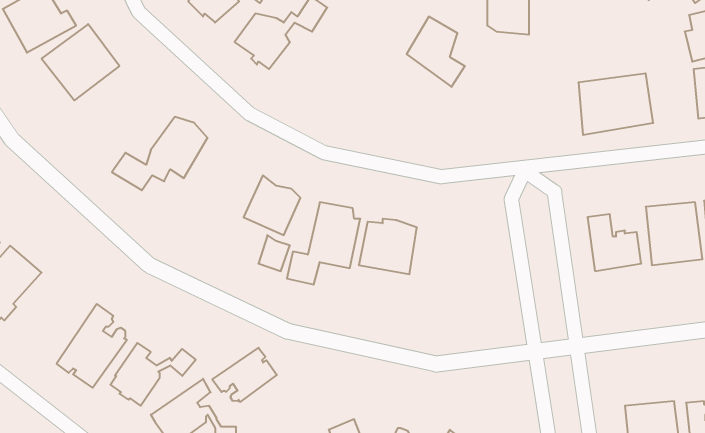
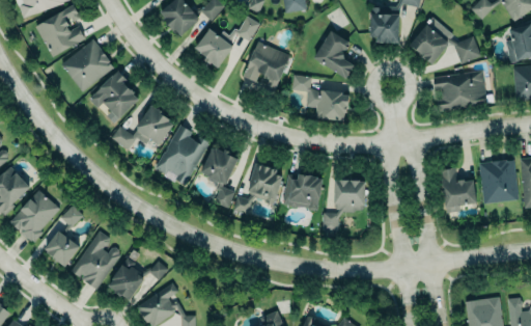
building: none -> [411,25,480,64]
building: none -> [245,42,290,97]
building: none -> [89,70,143,116]
building: none -> [290,75,350,121]
building: none -> [152,123,212,185]
building: none -> [322,175,366,230]
building: none -> [45,205,86,270]
building: [212,348,277,402] -> none

